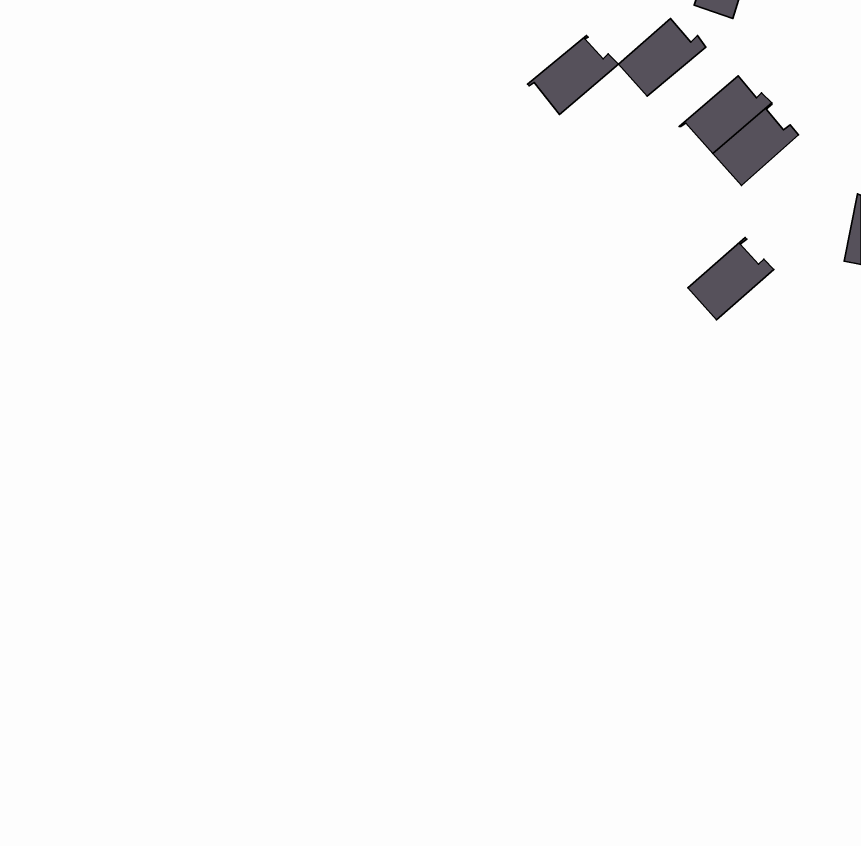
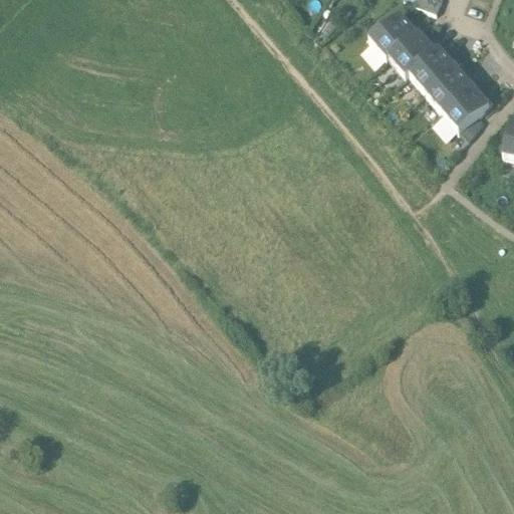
building: [527,35,618,115] -> [386,28,440,75]
building: [688,237,774,320] -> [442,80,493,130]

